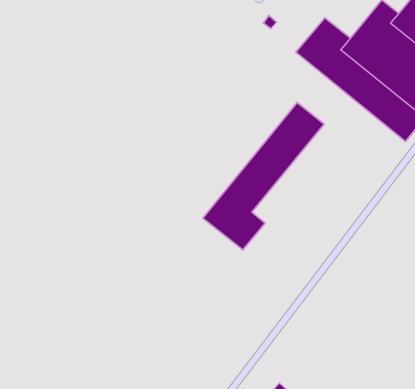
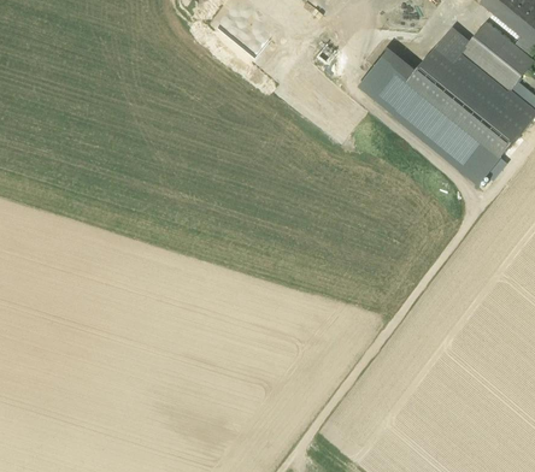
building: [203,103,324,250] -> none

